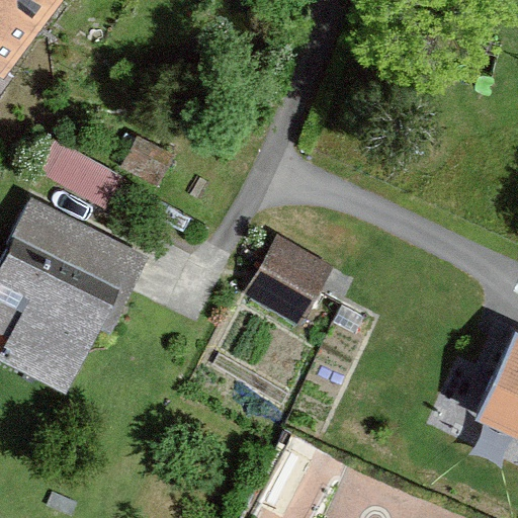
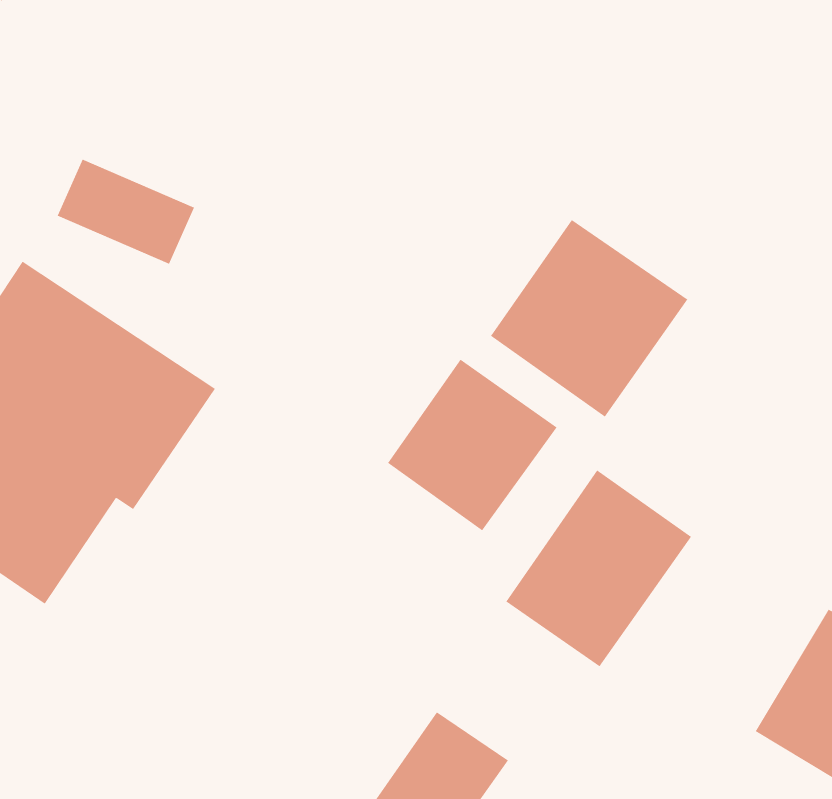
building: none -> [490,219,688,417]
building: none -> [505,470,692,667]

